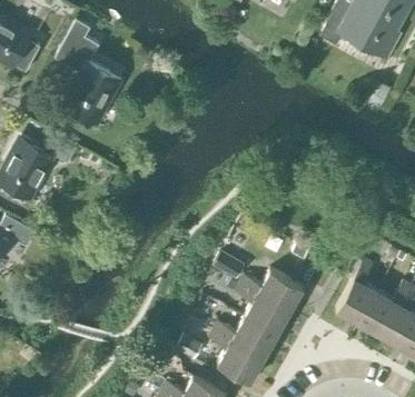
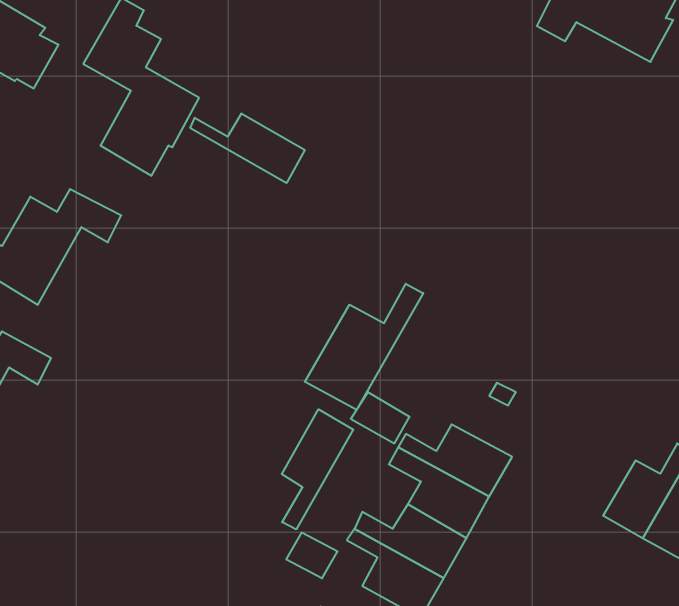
building: none -> [190,113,305,183]
building: none -> [305,284,423,410]
building: [336,260,378,324] -> none
building: none -> [282,409,353,529]

